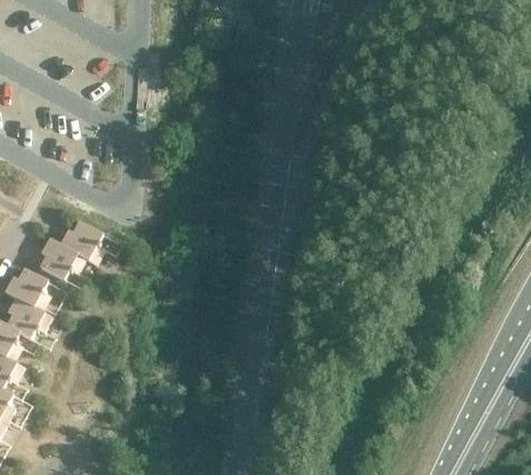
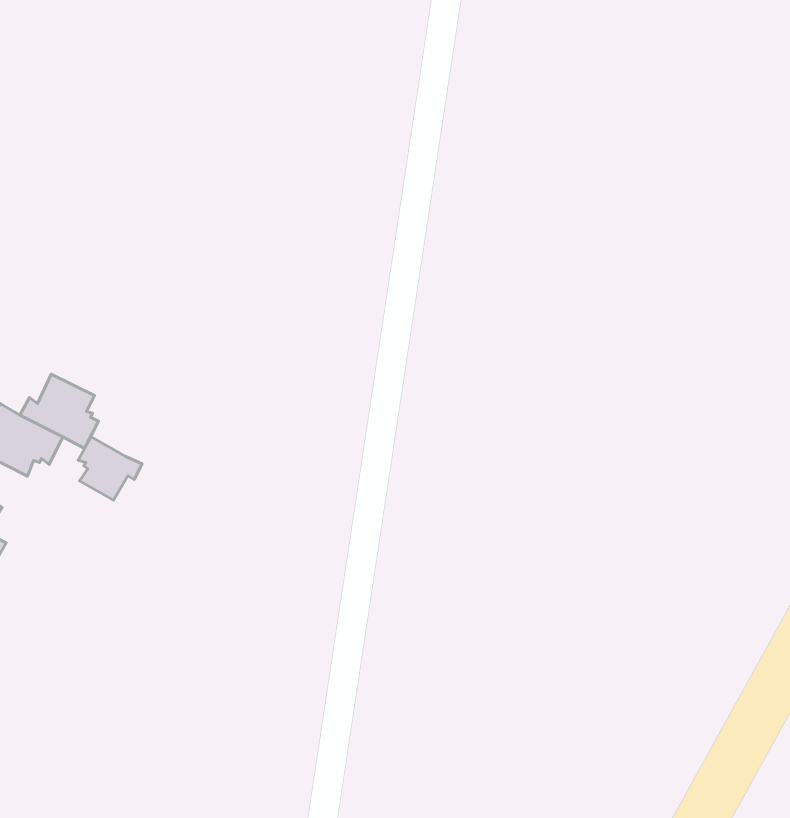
building: none -> [78,437,142,500]

